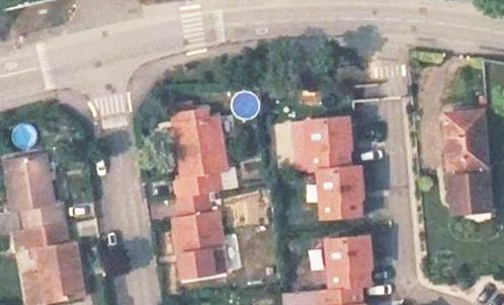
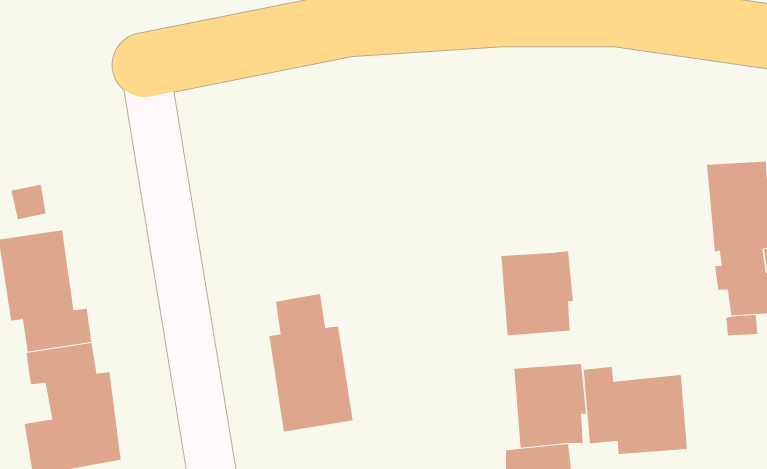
building: [172,110,225,198] -> none
building: [306,117,351,170] -> none
building: none -> [583,366,688,455]

